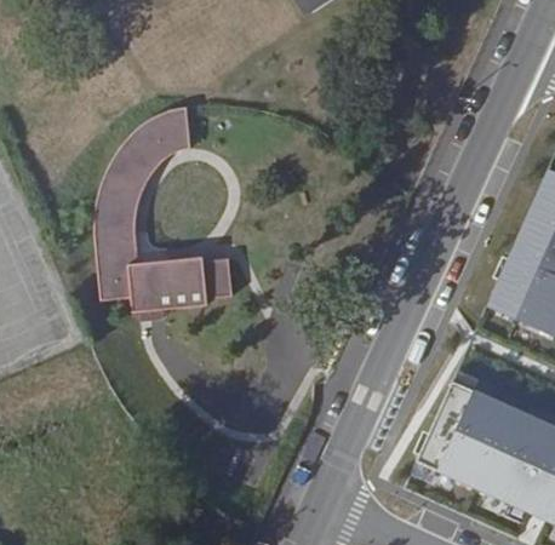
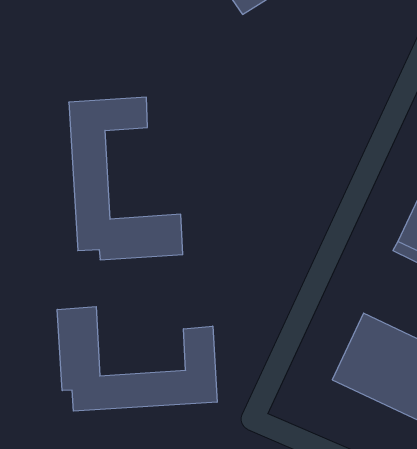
building: none -> [57,307,217,411]

